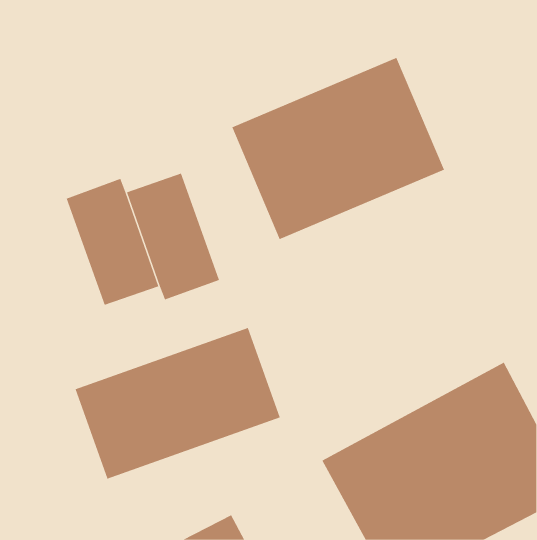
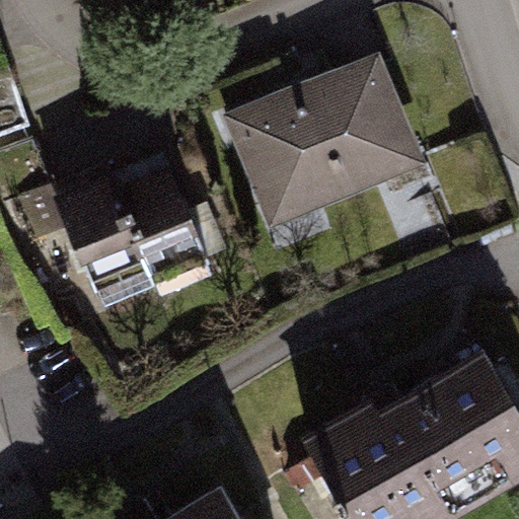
building: [75,327,280,480] -> none

